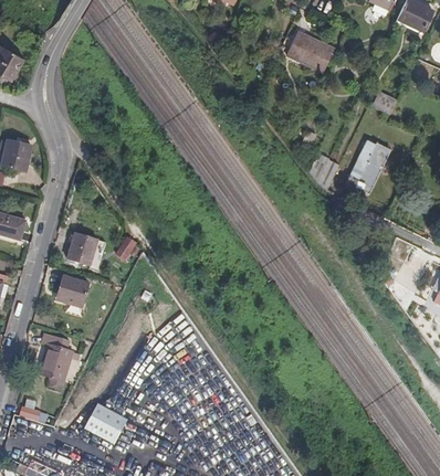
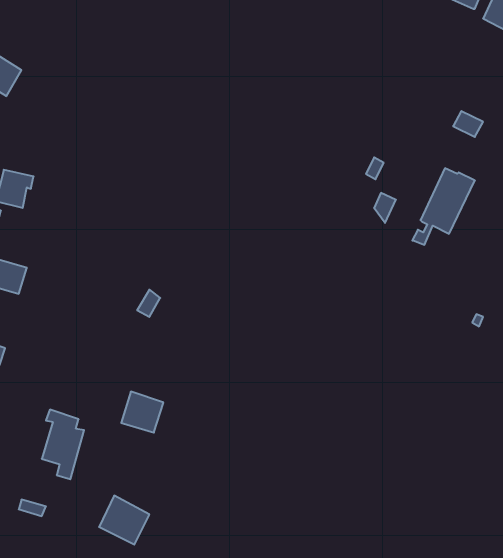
building: [287,32,334,71] -> none
building: [66,233,105,268] -> none
building: [55,275,90,308] -> [121,392,163,433]

